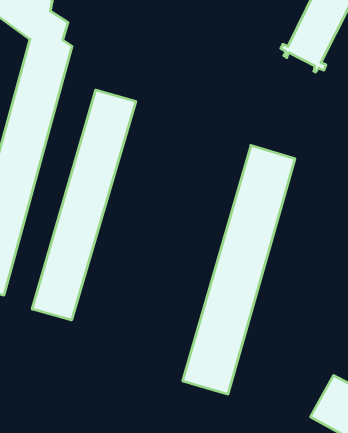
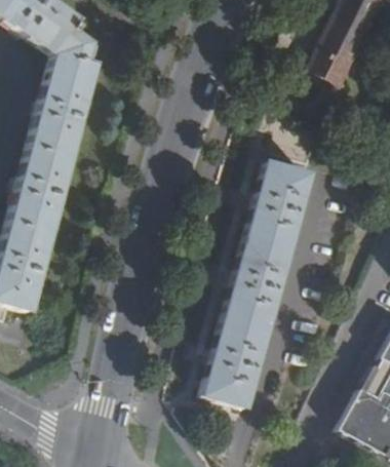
building: [32,90,136,320] -> none

